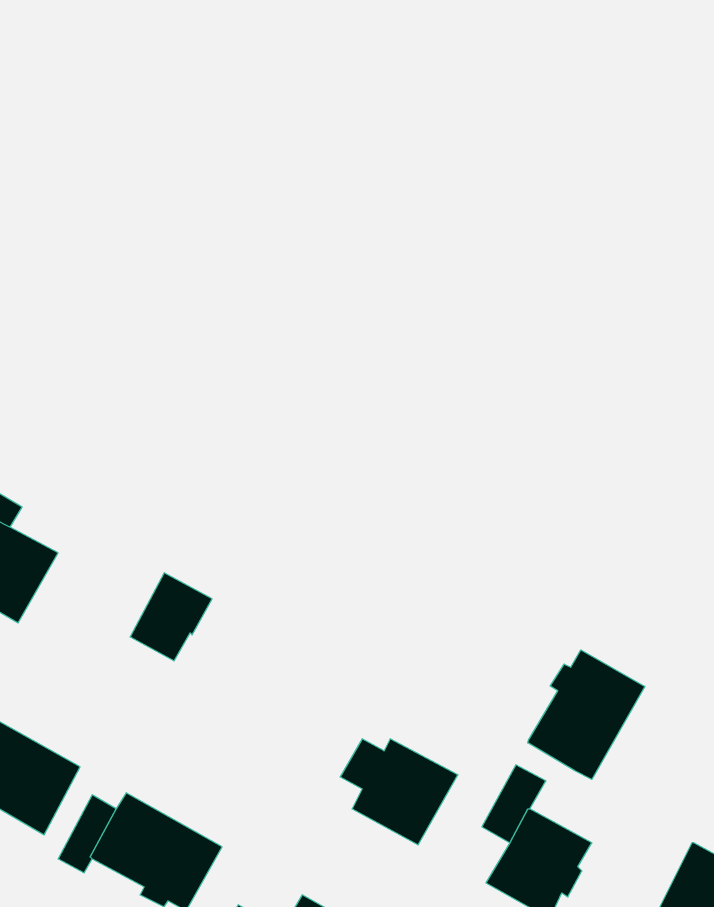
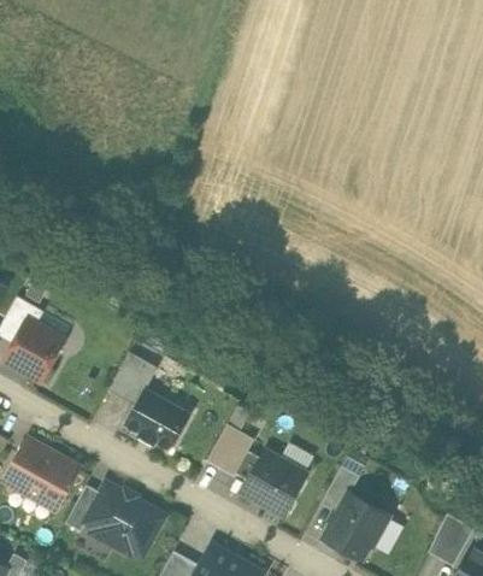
building: none -> [124,387,190,448]
building: [528,650,645,779] -> none
building: none -> [206,424,254,477]

